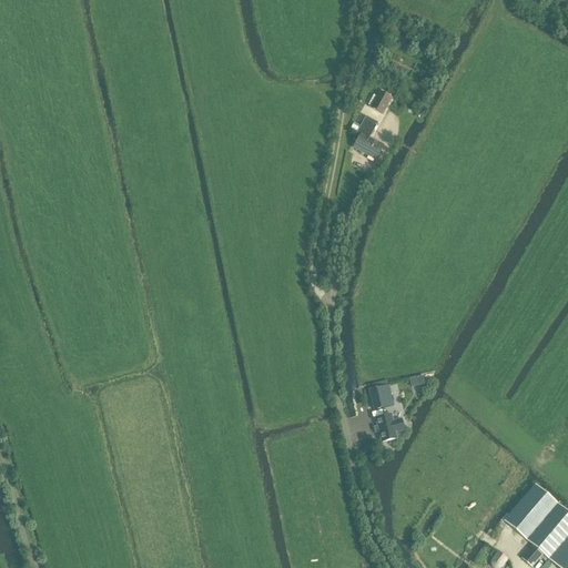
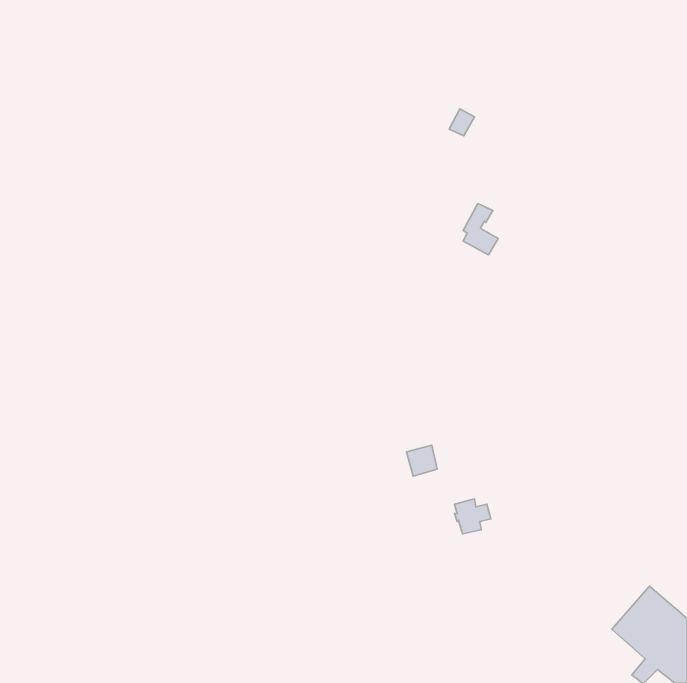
building: [354,115,383,158] -> [463,204,498,255]
building: [368,383,394,408] -> [406,445,437,476]

